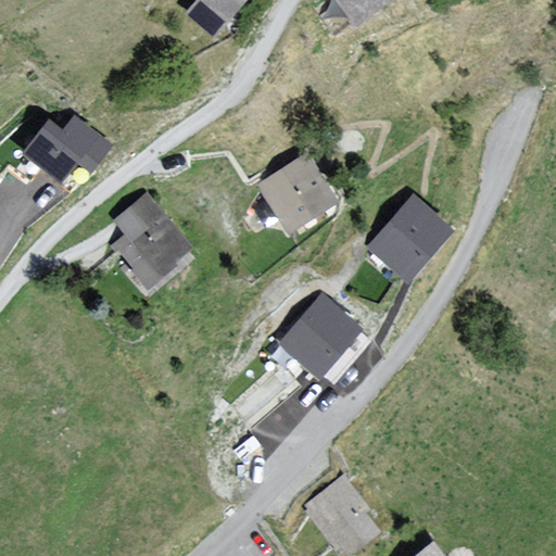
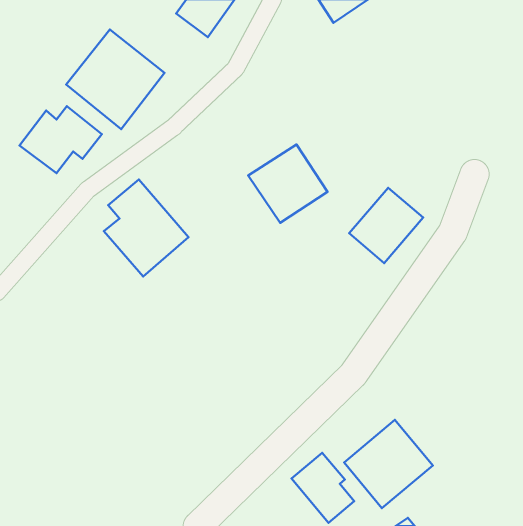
building: none -> [66,29,165,129]
building: [277,295,358,379] -> none
building: none -> [344,420,433,508]

